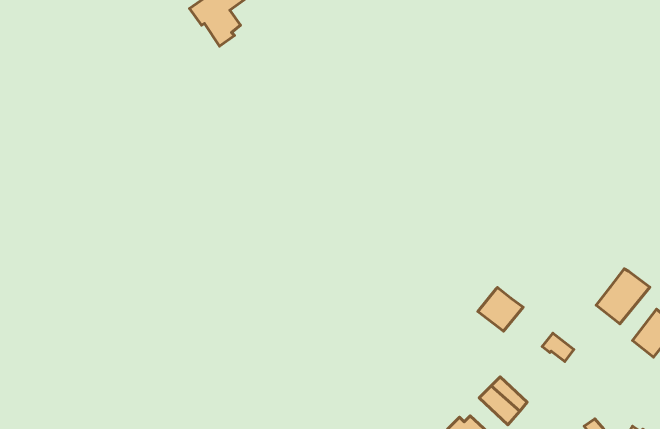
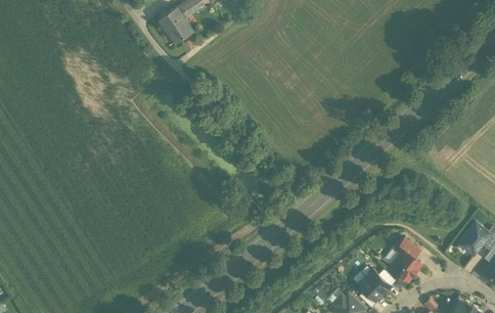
building: [596,269,650,324] -> none
building: [478,288,523,331] -> [391,251,421,280]

